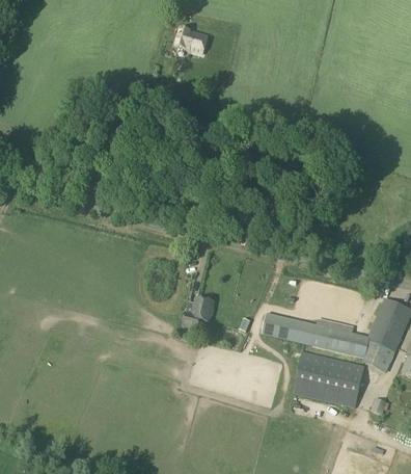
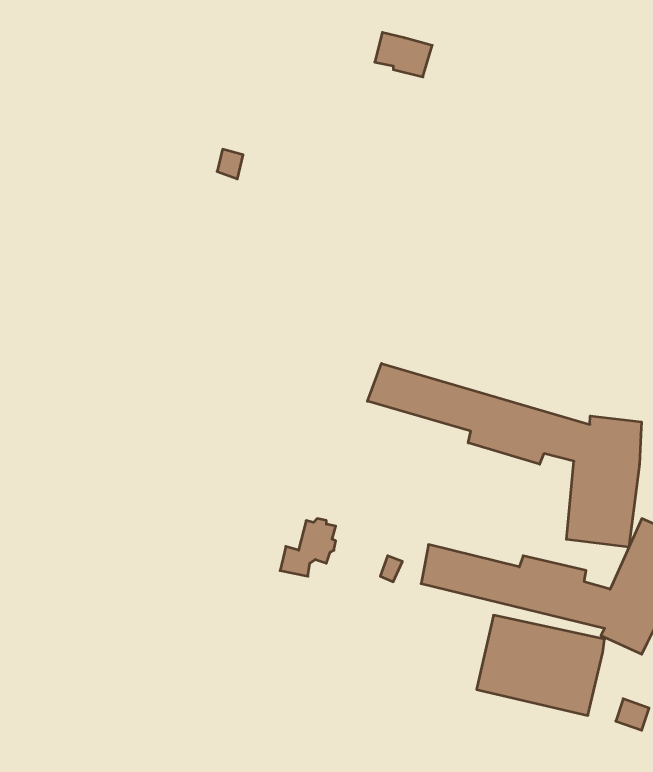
building: [175,28,208,53] -> [375,32,432,77]
building: none -> [367,363,641,547]

